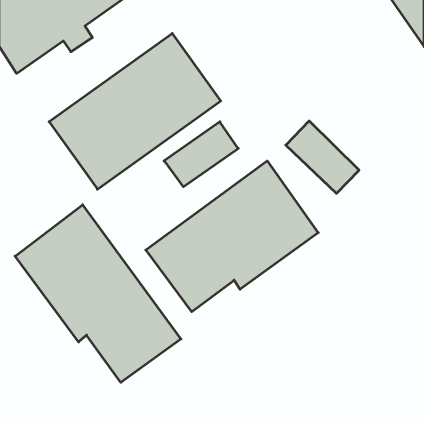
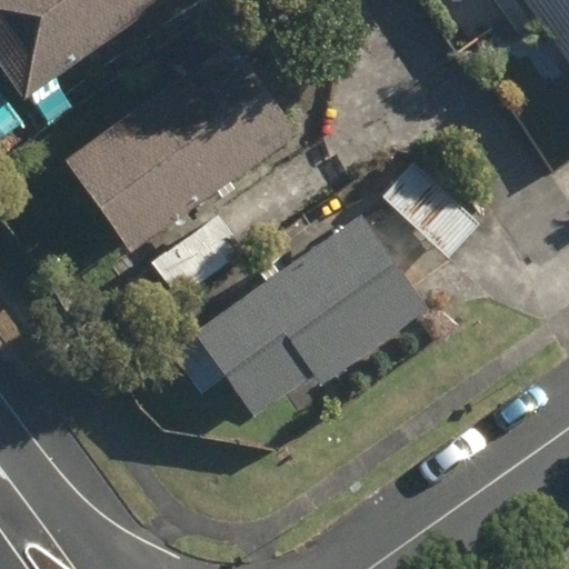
building: [15,205,181,382] -> none

